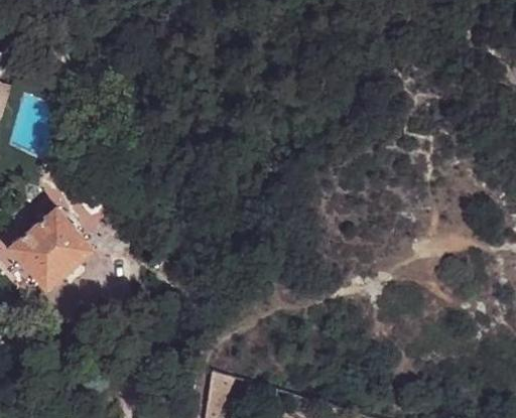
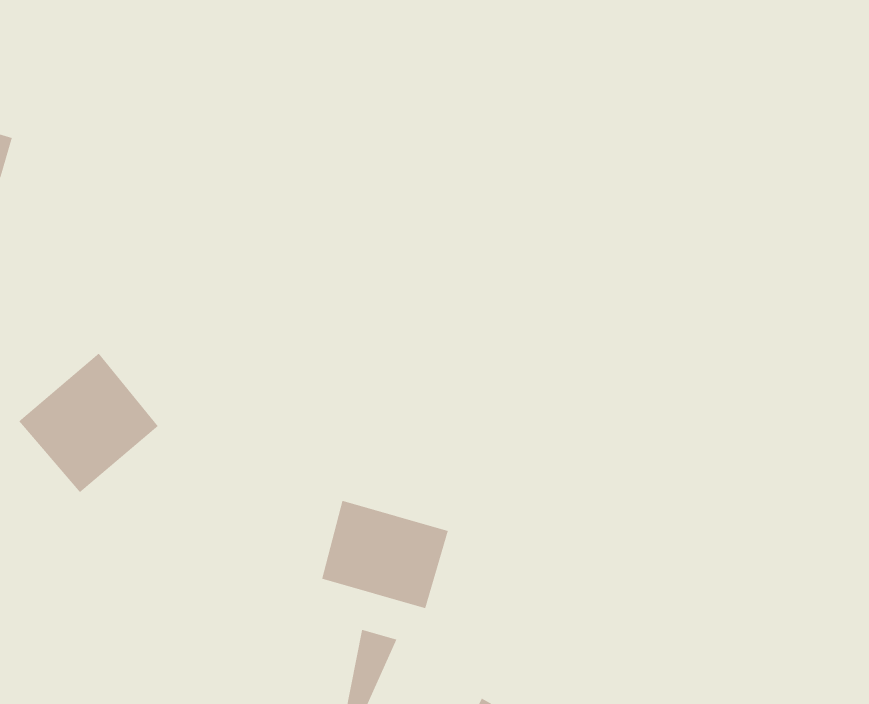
building: none -> [321,500,449,609]

